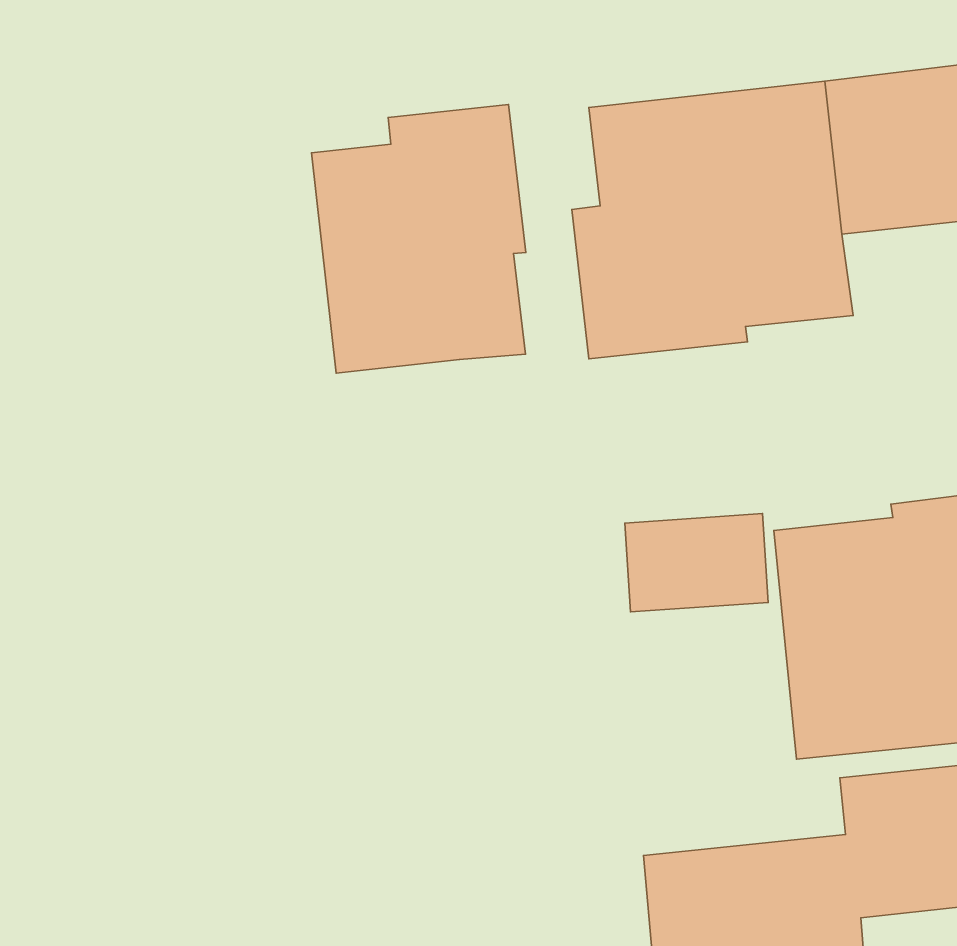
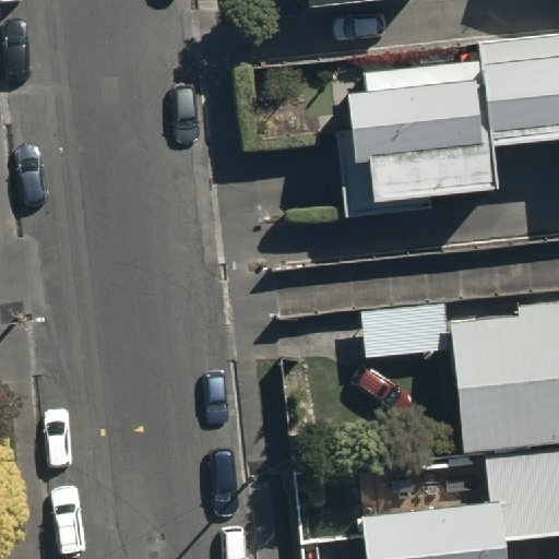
building: [311,104,526,373] -> none

